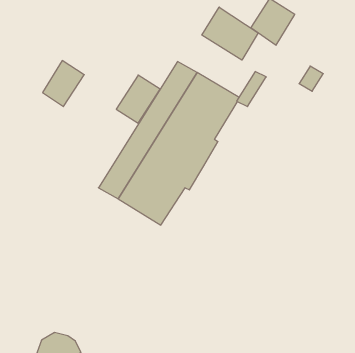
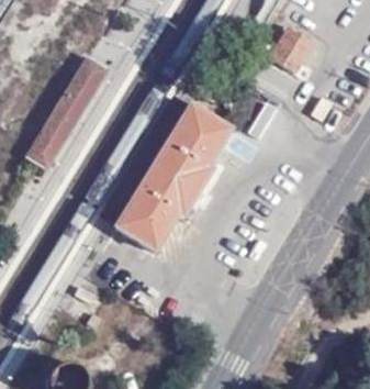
building: [202,7,258,60] -> none
building: [116,75,160,123] -> [65,59,109,108]
building: none -> [24,125,66,170]

